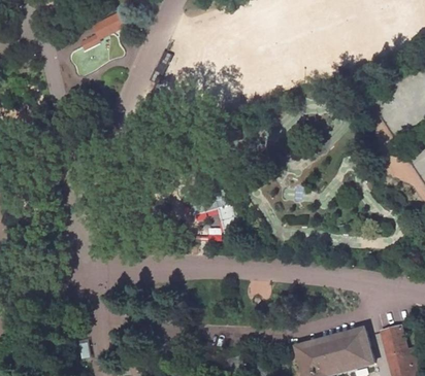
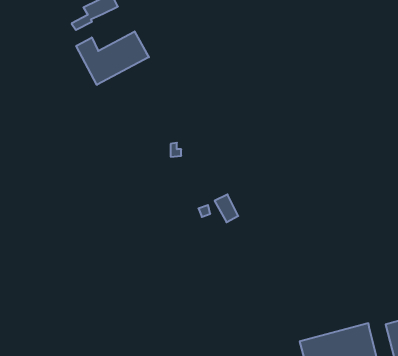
building: none -> [76,31,149,85]

